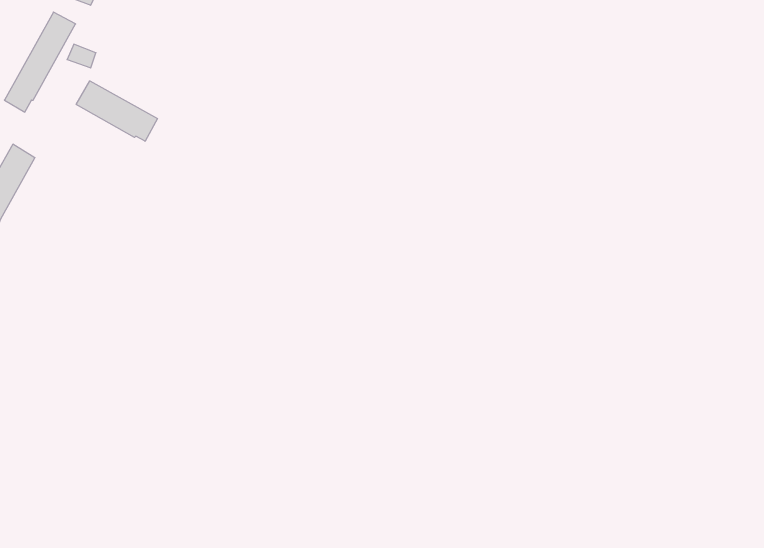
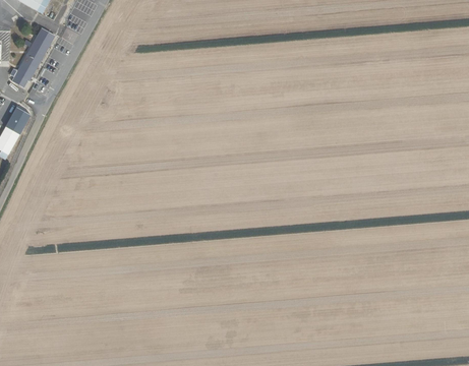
building: [76,81,157,141] -> none

